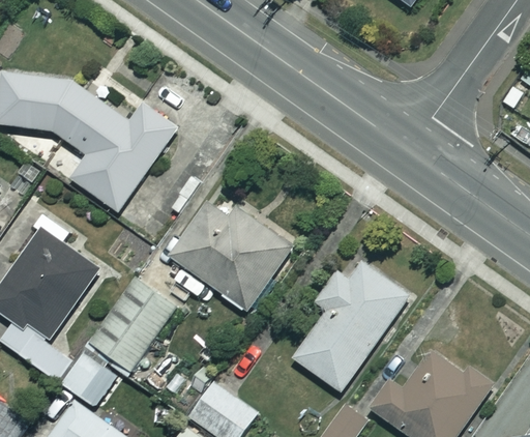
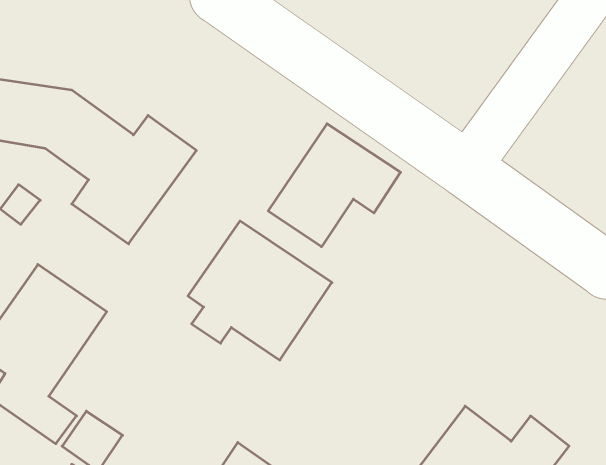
building: none -> [268,124,401,247]
building: [291,262,409,390] -> none
building: [90,274,177,370] -> none

